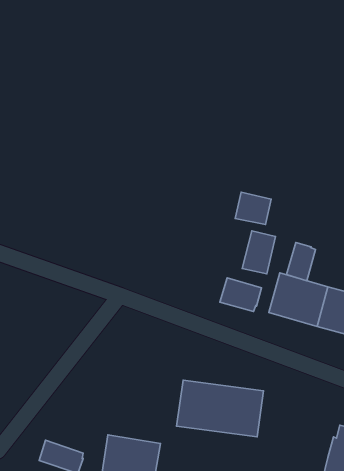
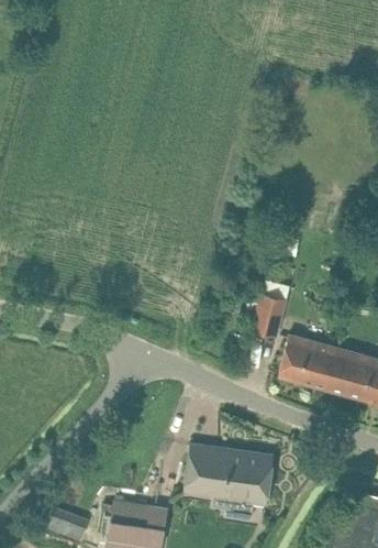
building: [235,192,271,224] -> none
building: [287,243,316,281] -> none
building: [220,278,262,311] -> none

